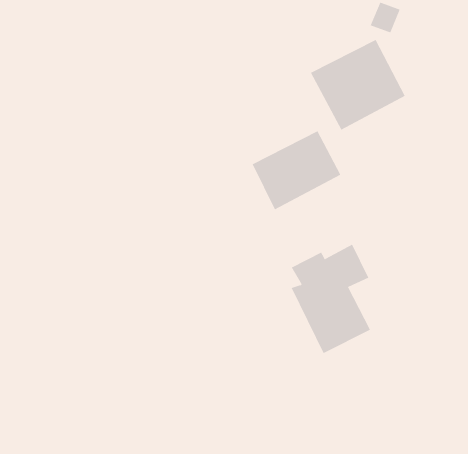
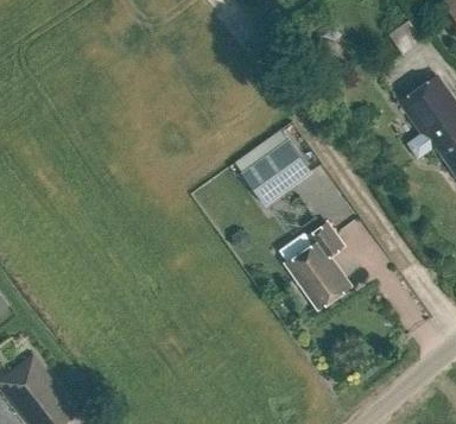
building: [310,39,406,131] -> none

